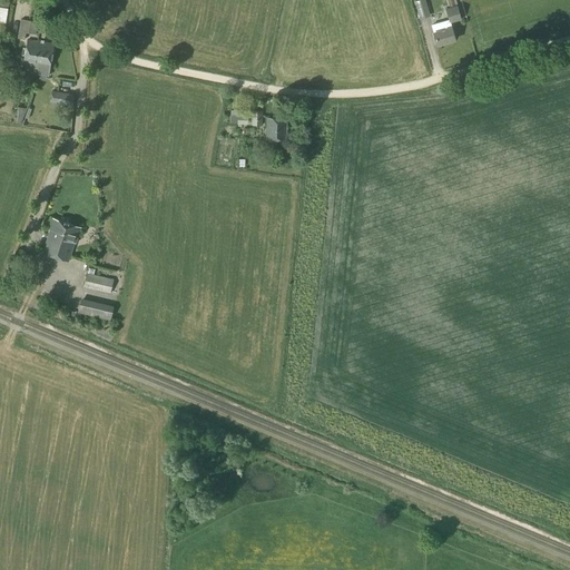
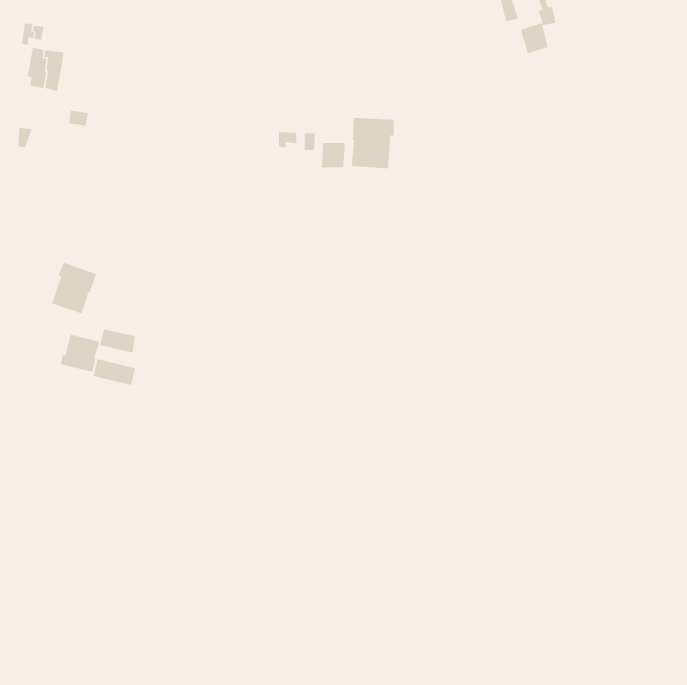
building: none -> [351,117,394,169]
building: none -> [60,334,100,372]

